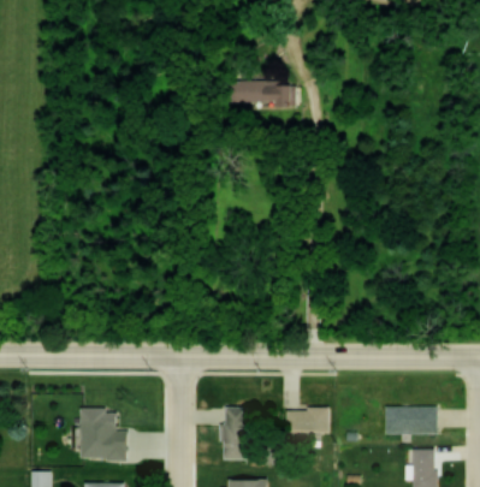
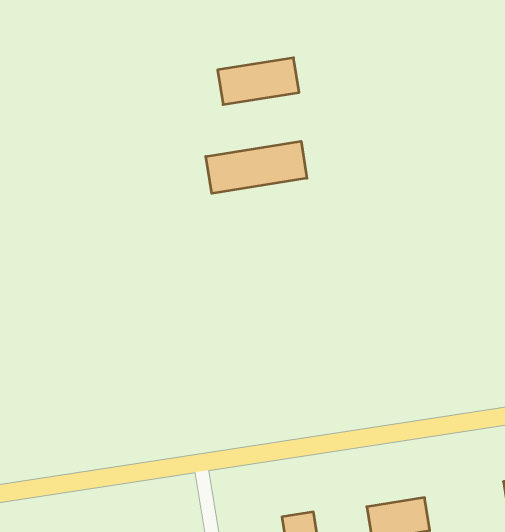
building: none -> [206,141,307,193]

